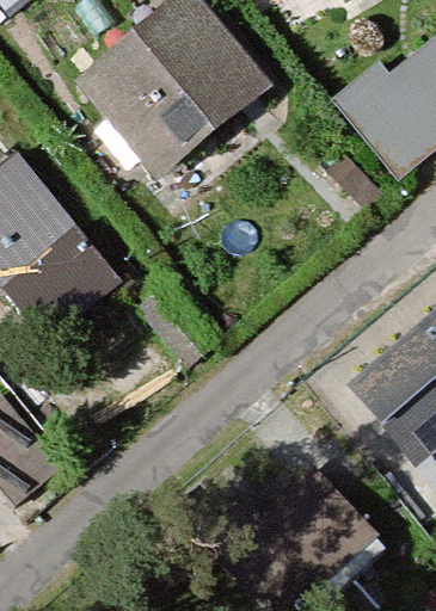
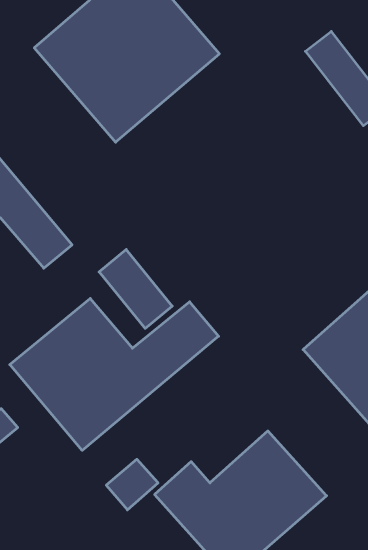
building: none -> [10,298,219,450]

